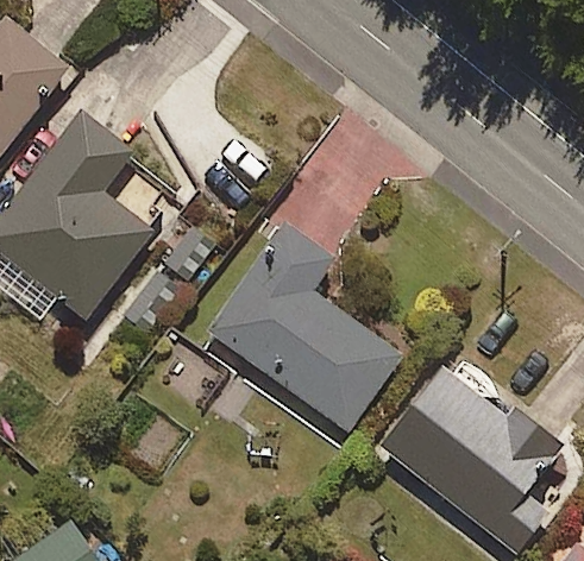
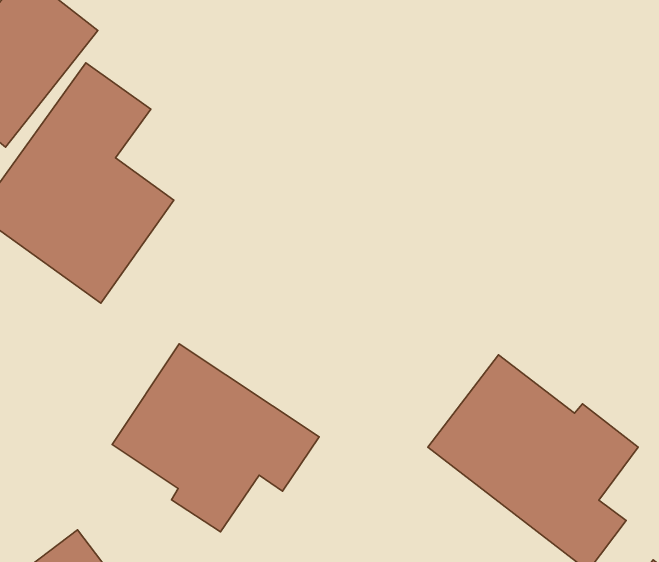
building: [205,220,402,429] -> none
building: none -> [112,344,319,532]

